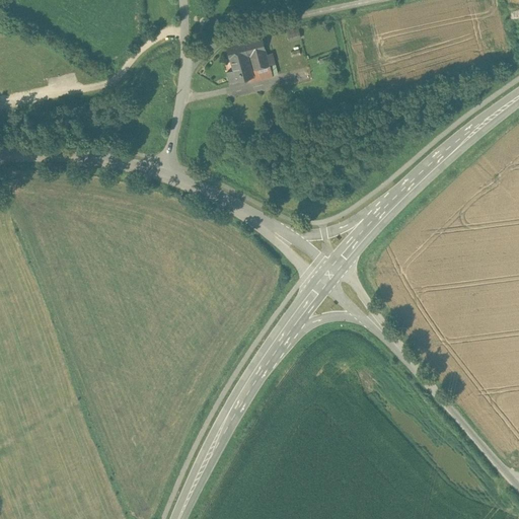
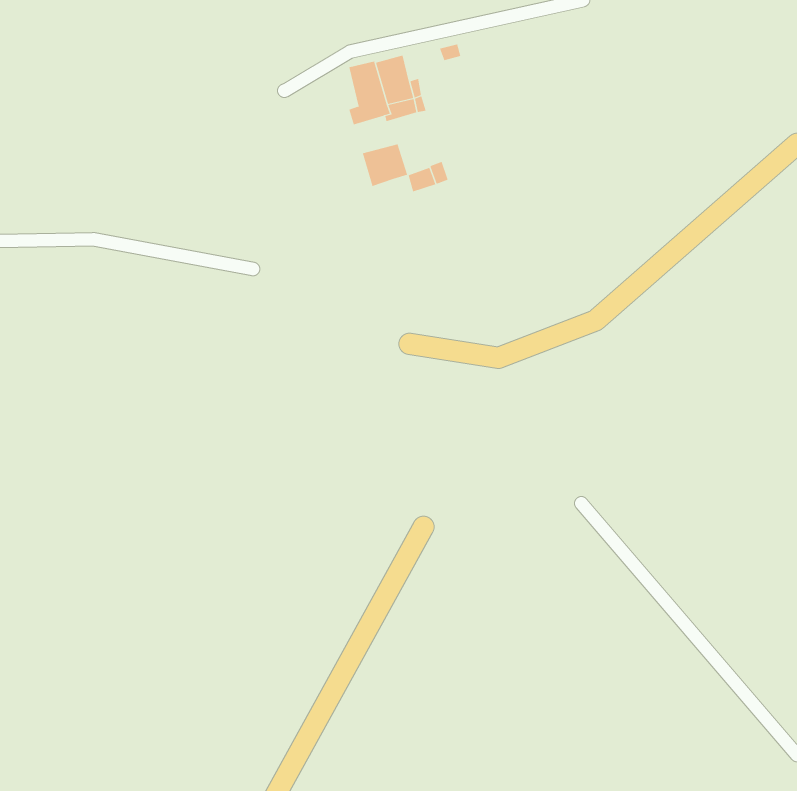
building: none -> [362,143,408,187]

